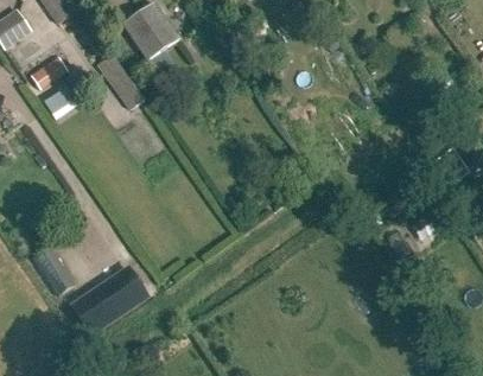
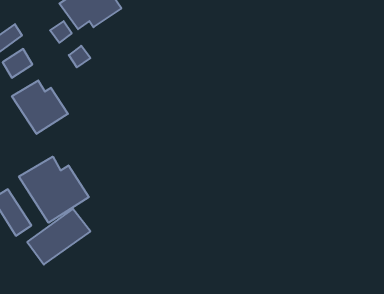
building: none -> [12,80,68,134]
building: none -> [19,157,89,223]

